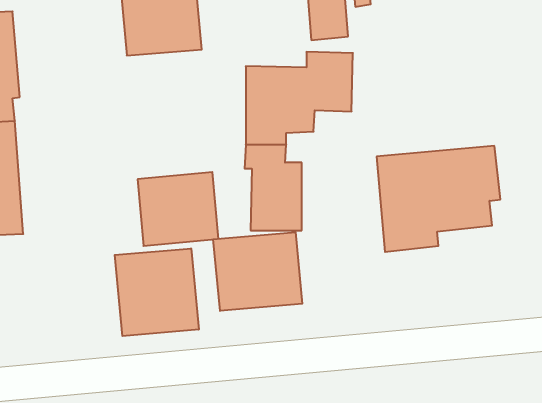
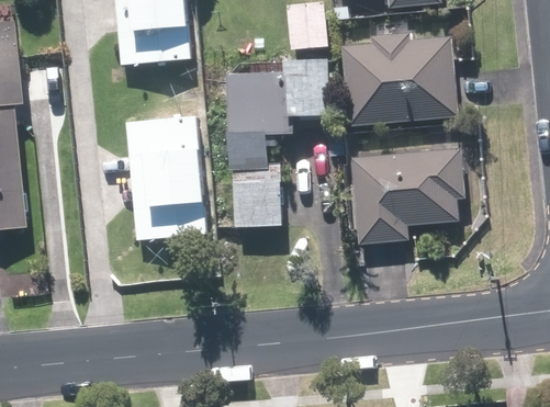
building: none -> [340,32,457,124]
building: none -> [125,114,199,177]
building: [213,232,302,311] -> none
building: [115,248,199,336] -> none

